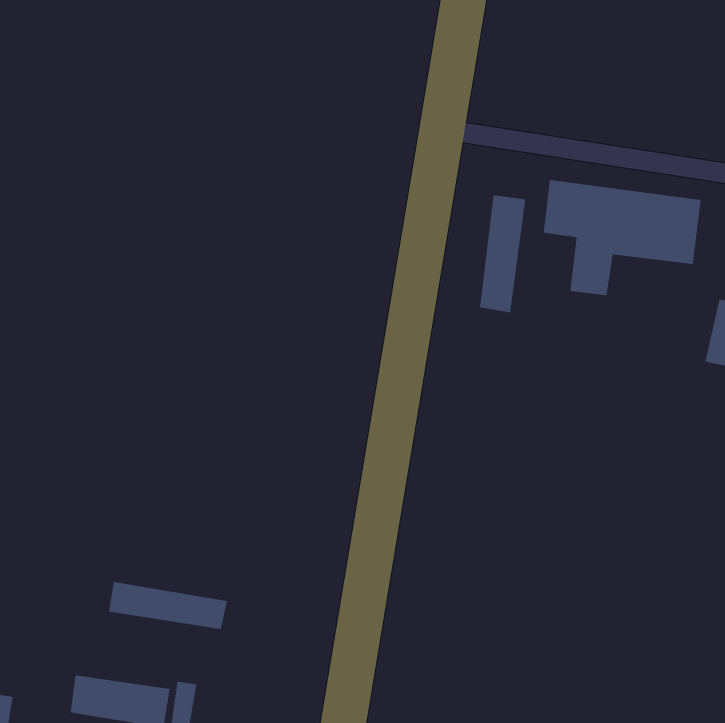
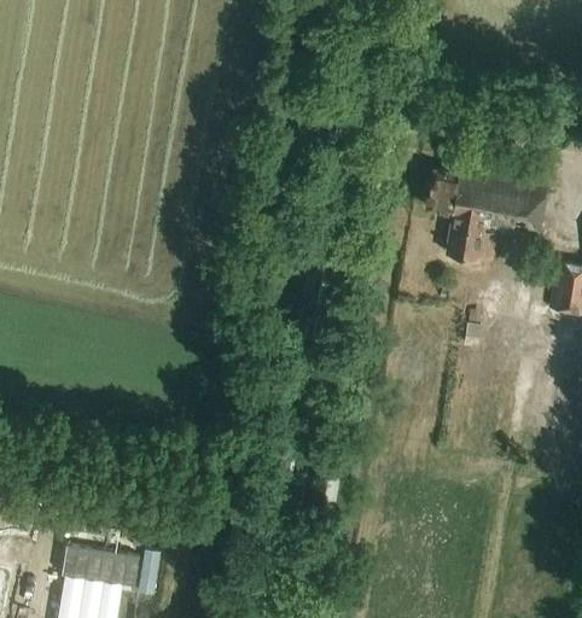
building: [480,195,526,313] -> none
building: [108,581,227,630] -> none

